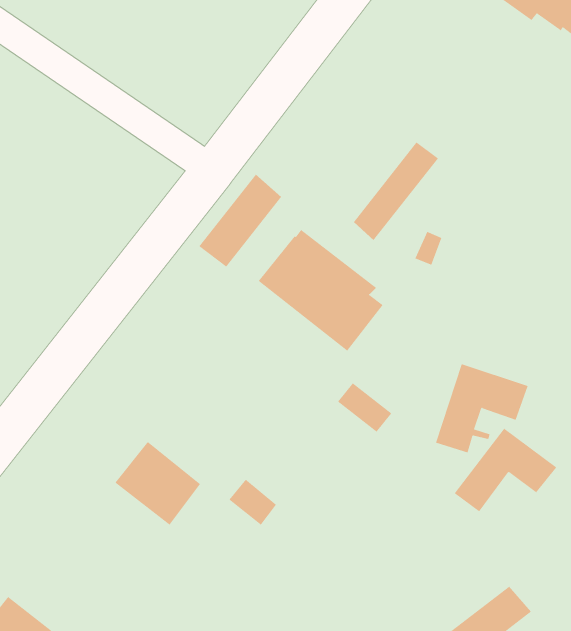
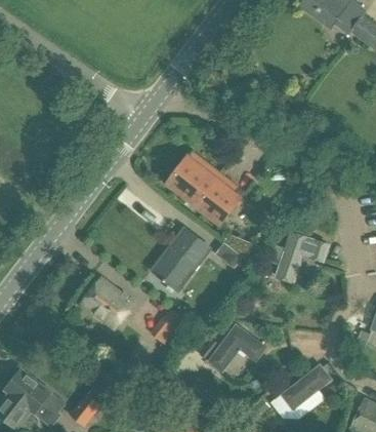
building: [353,142,439,241] -> none
building: [199,174,282,268] -> none
building: none -> [153,230,210,290]
building: [454,428,557,512] -> [206,324,267,375]

